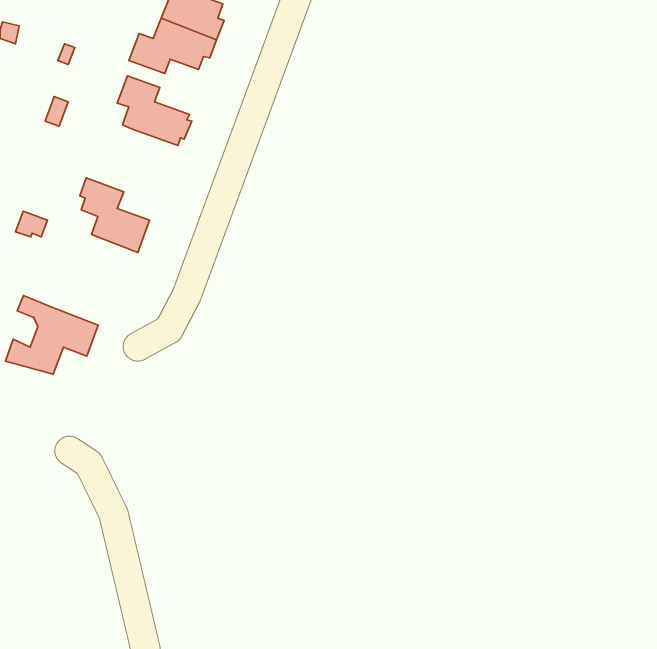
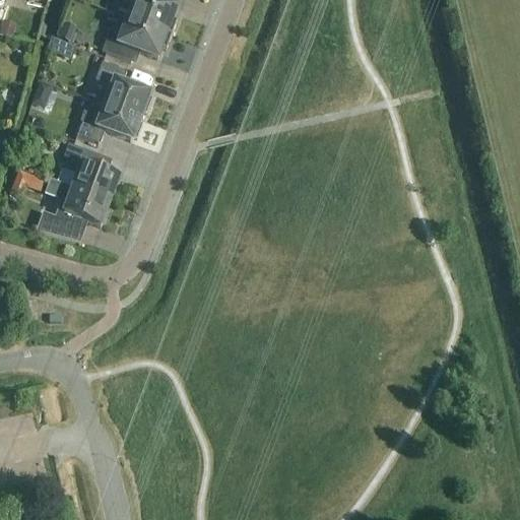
building: none -> [77,102,142,141]
building: [6,296,98,374] -> [37,176,110,238]

